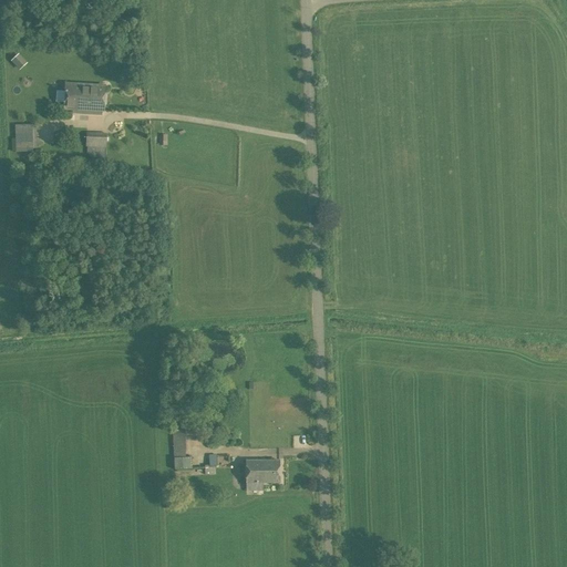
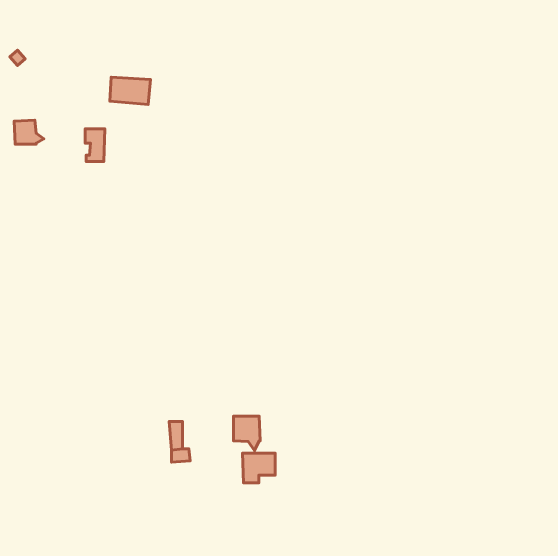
building: [64,83,105,111] -> [110,77,150,105]
building: none -> [233,416,260,450]

